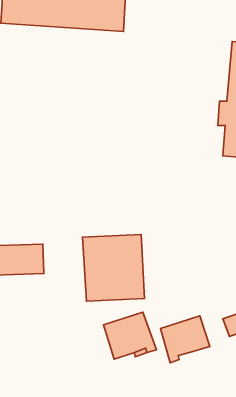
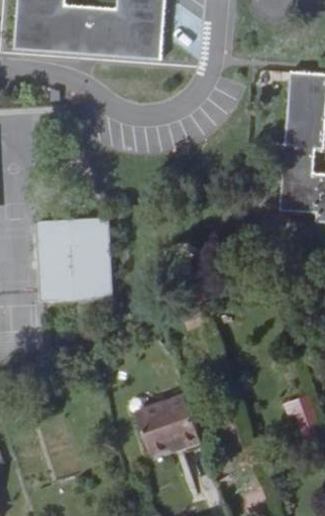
building: [82,235,145,301] -> [37,219,112,298]
building: [160,316,210,363] -> none

